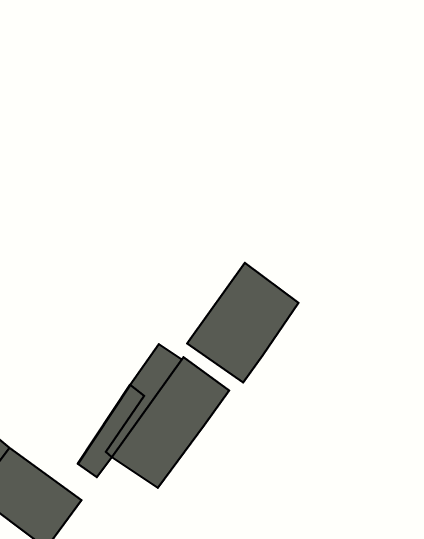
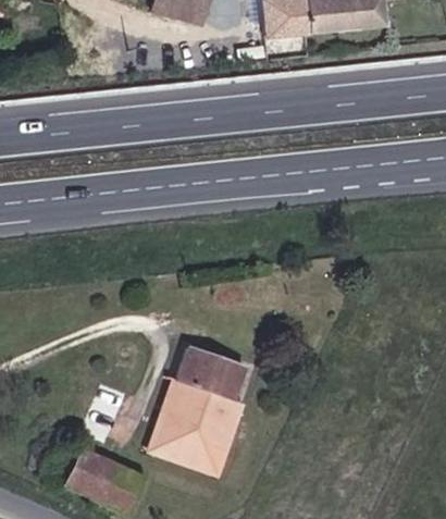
building: [187,263,298,383] -> none
building: none -> [161,399,247,478]

